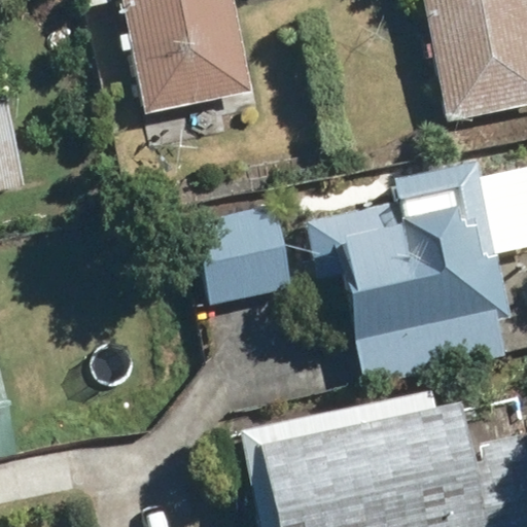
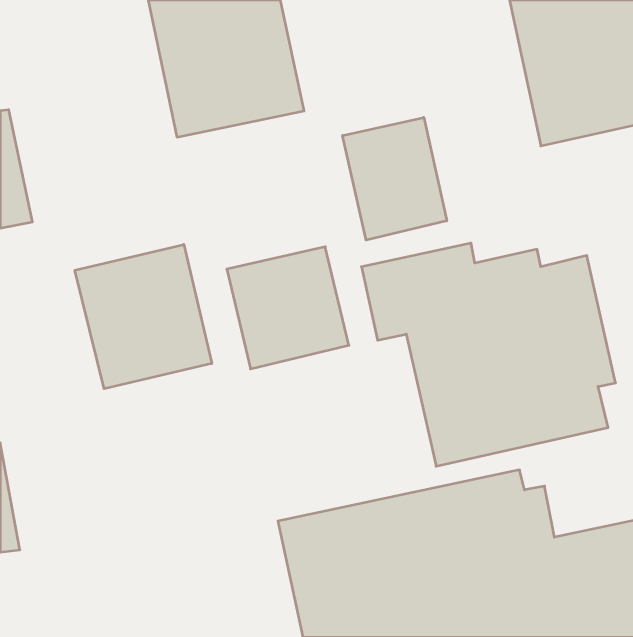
building: none -> [343,117,447,240]
building: none -> [75,244,212,389]

